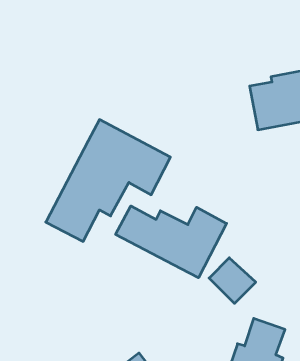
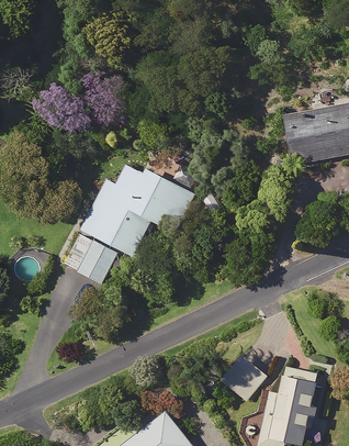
building: [116,206,227,278] -> none
building: [209,258,256,303] -> [217,355,268,404]

